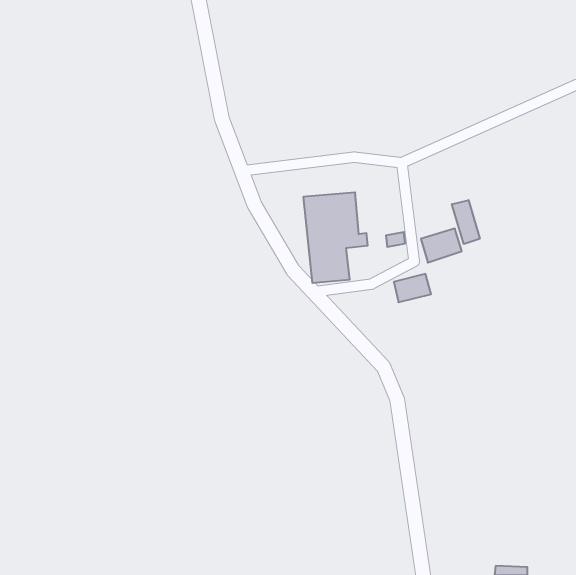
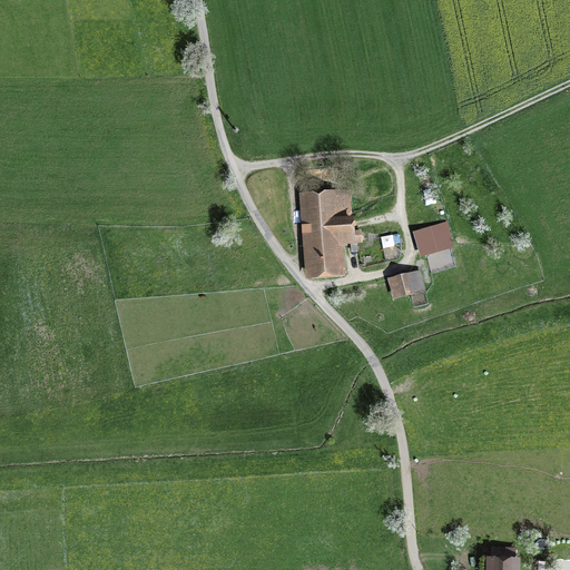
building: [452,200,480,244] -> none

